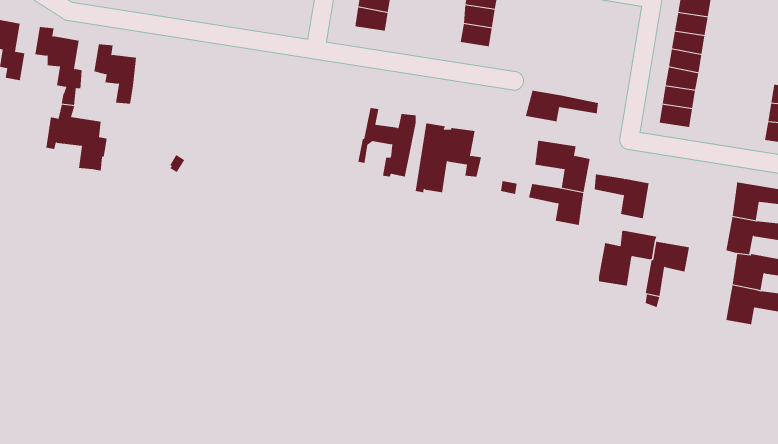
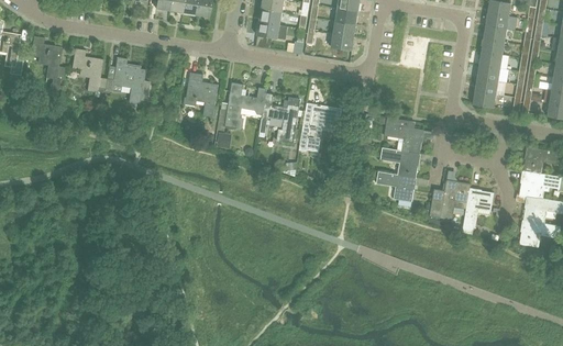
building: none -> [185,72,218,118]
building: [525,90,599,122] -> none
building: none -> [224,83,267,131]
building: [46,104,108,171] -> [106,57,150,104]
building: [594,174,650,219] -> [376,170,416,202]

